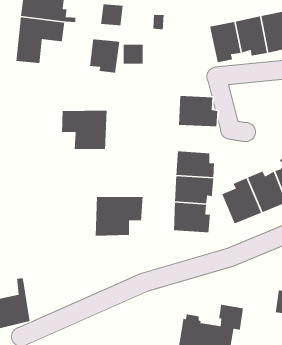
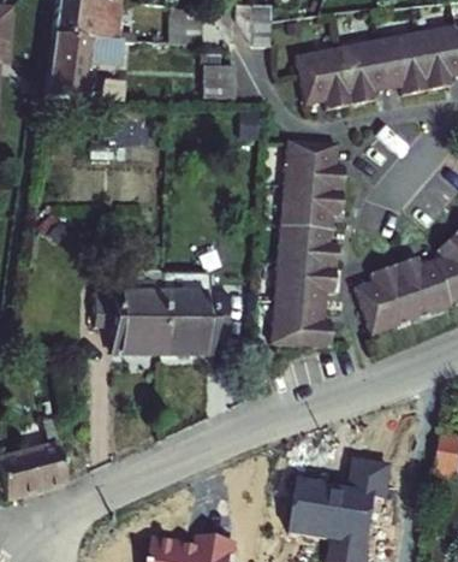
building: none -> [292,43,345,105]
building: [89,38,120,74] -> none
building: [61,110,108,150] -> [94,298,163,359]
building: none -> [285,193,345,233]

